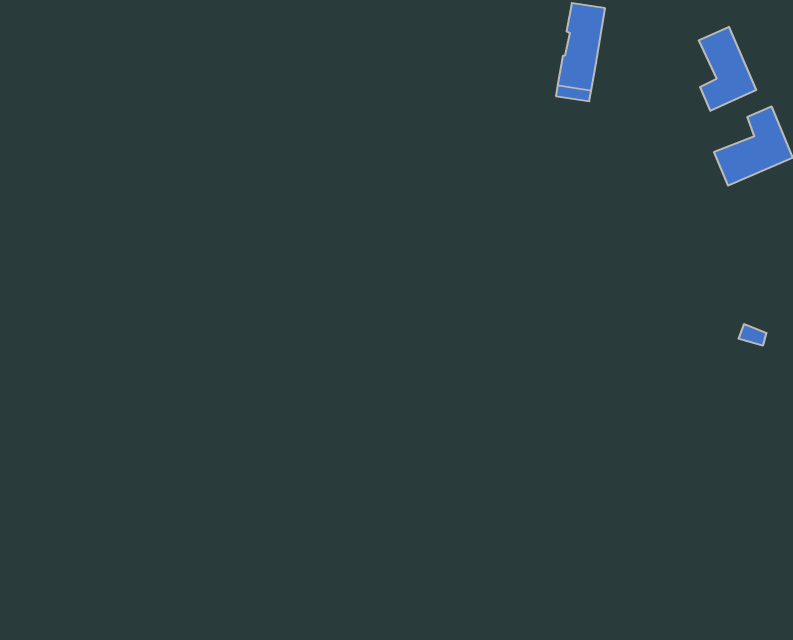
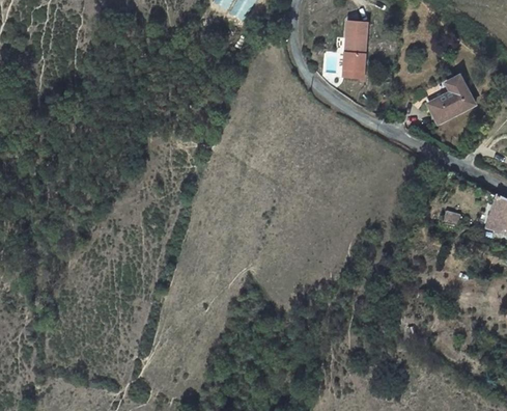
building: [699,27,756,111] -> none

